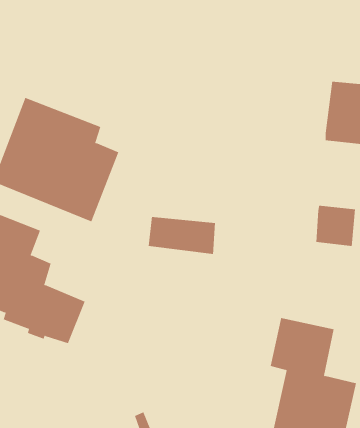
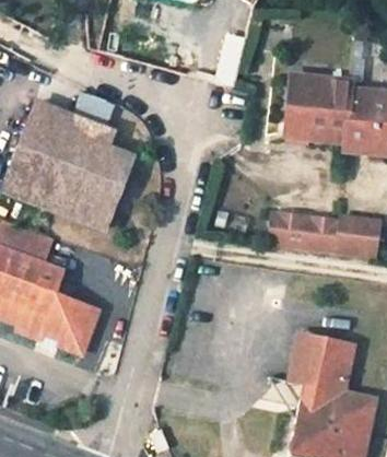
building: none -> [288,72,352,140]
building: [148,216,216,255] -> [268,213,338,253]

